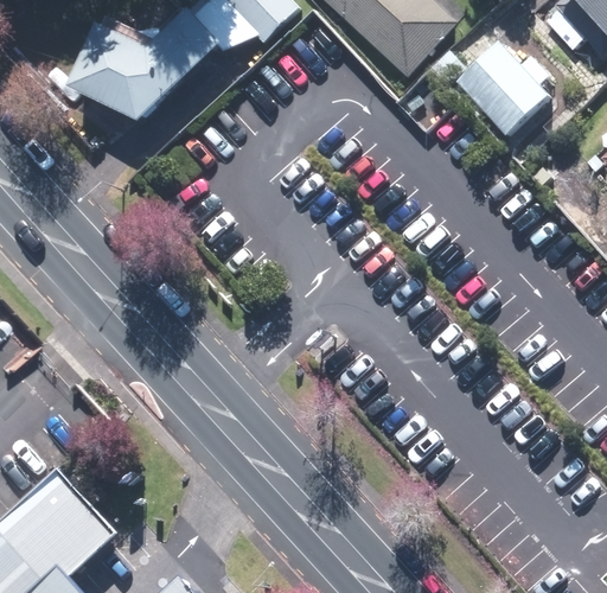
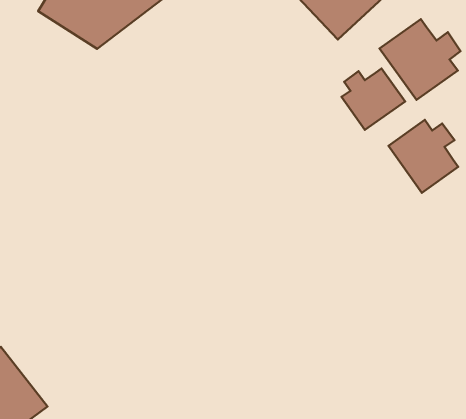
building: none -> [342,69,405,130]
building: none -> [388,120,458,193]

